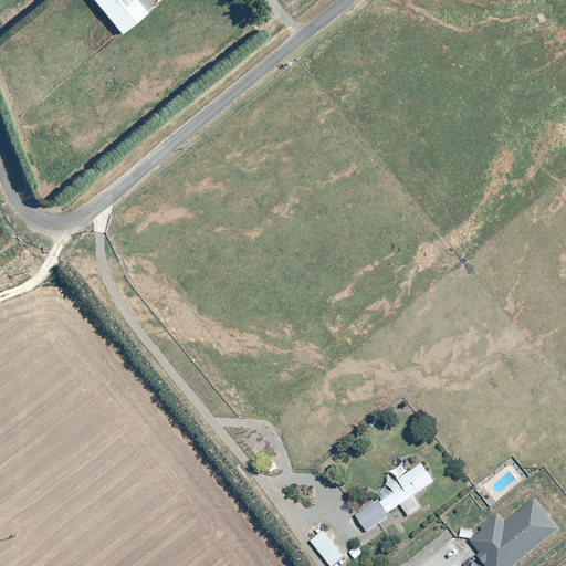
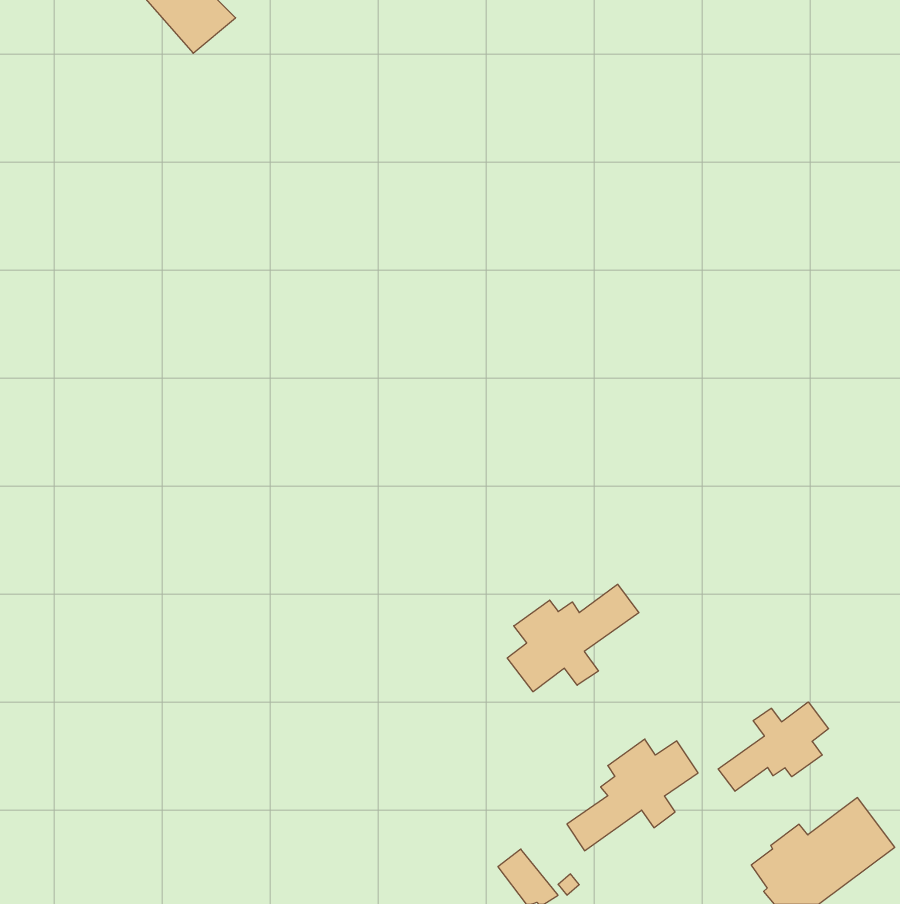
building: none -> [507,584,639,692]
building: none -> [718,702,829,791]

